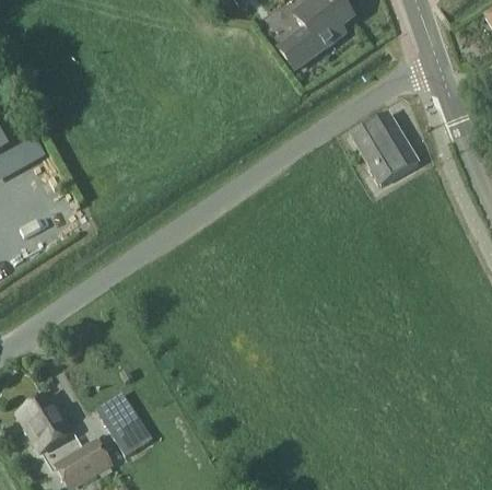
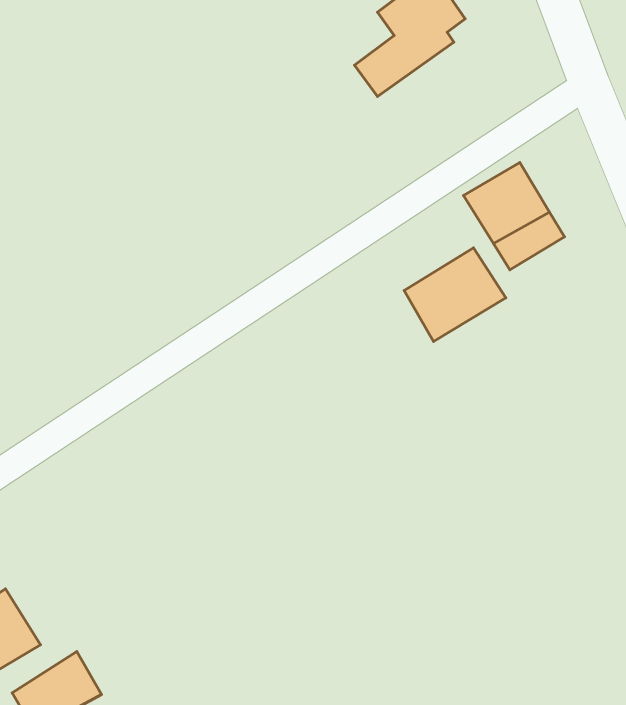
building: none -> [404,248,506,342]
building: [98,399,147,455] -> none

